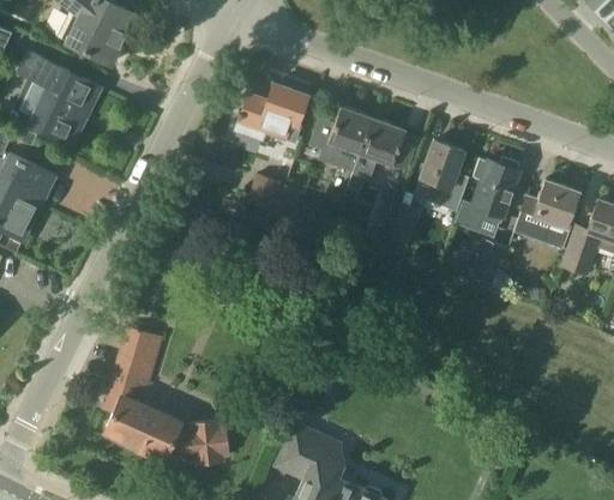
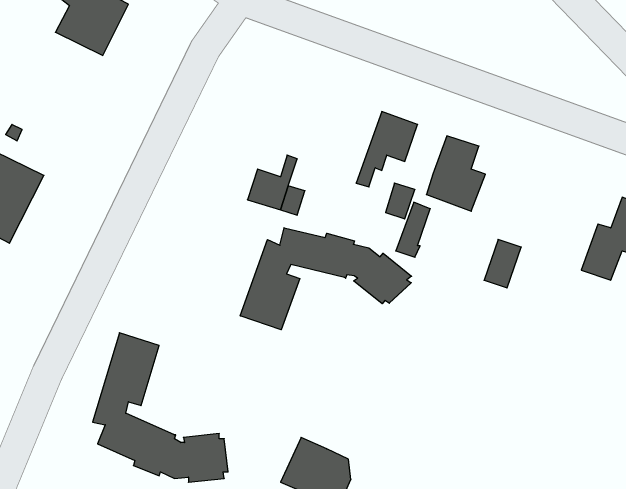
building: [19,53,100,145] -> none
building: [235,83,307,141] -> none
building: [308,107,372,171] -> none
building: [455,157,519,231] -> none
building: [513,180,577,248] -> none
building: none -> [240,228,412,330]

